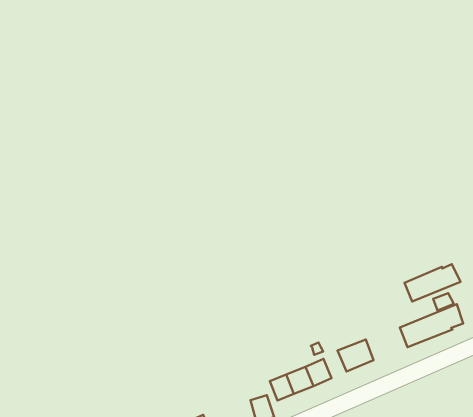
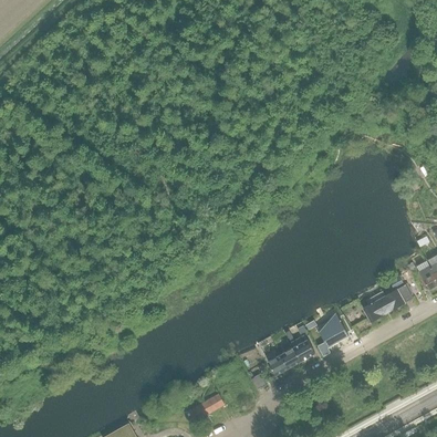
building: [404,264,461,302] -> none

